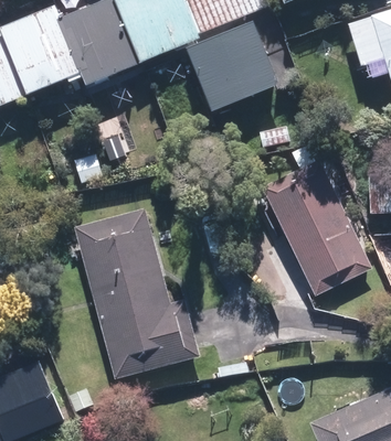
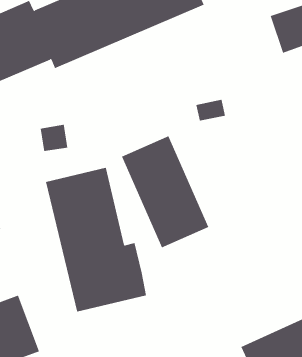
building: [186,21,281,115] -> none
building: [265,160,371,295] -> [121,135,209,248]

